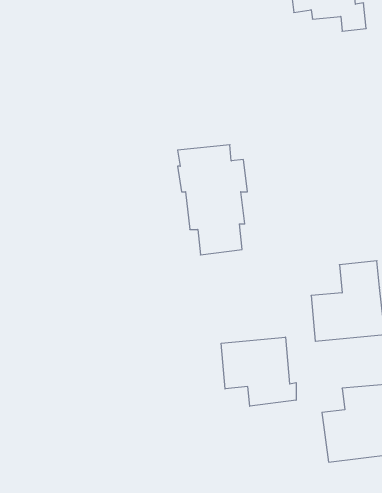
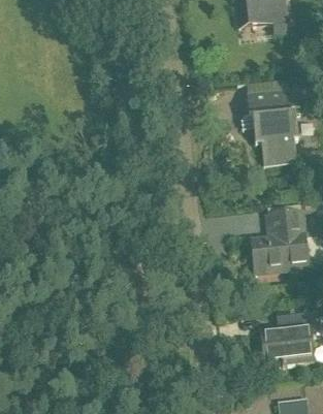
building: [178,145,247,255] -> [247,79,300,164]
building: [221,337,296,406] -> none

